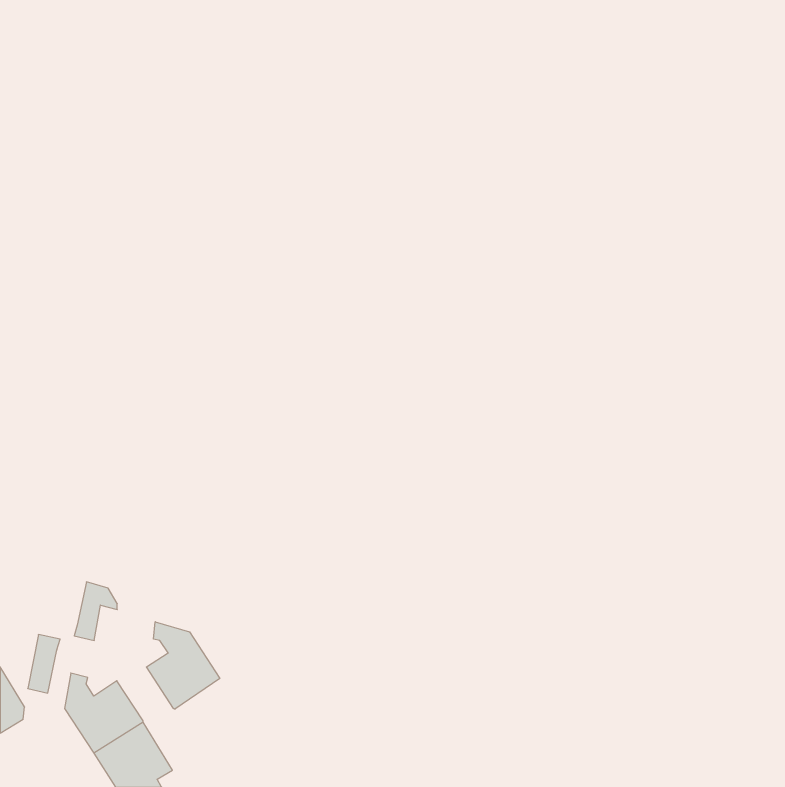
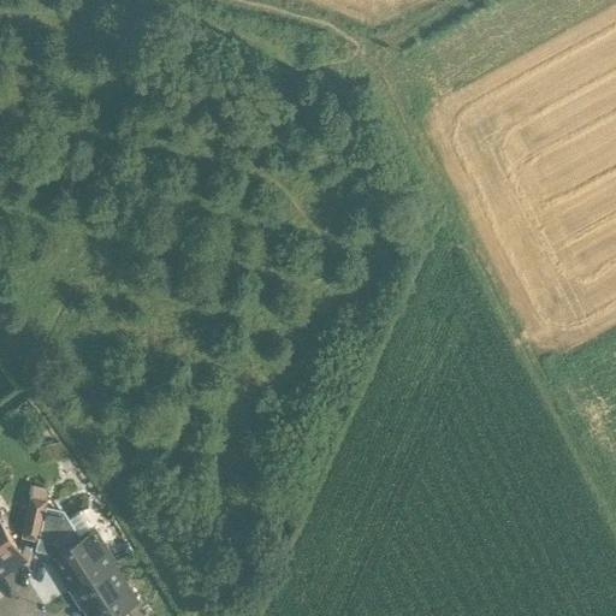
building: [74,582,117,640] -> [36,508,70,553]
building: [146,622,220,709] -> none

